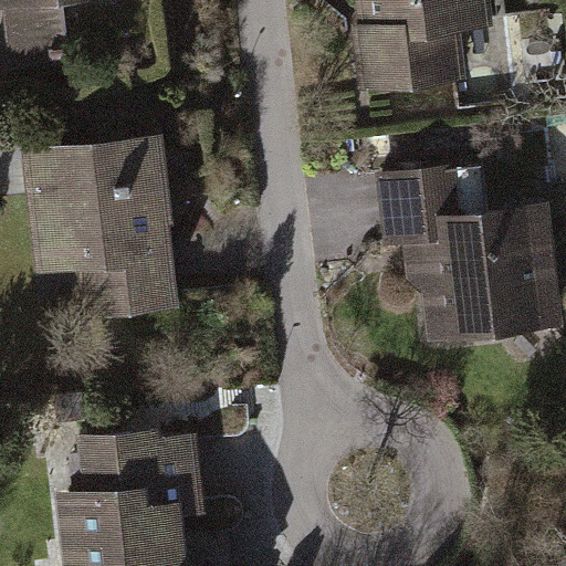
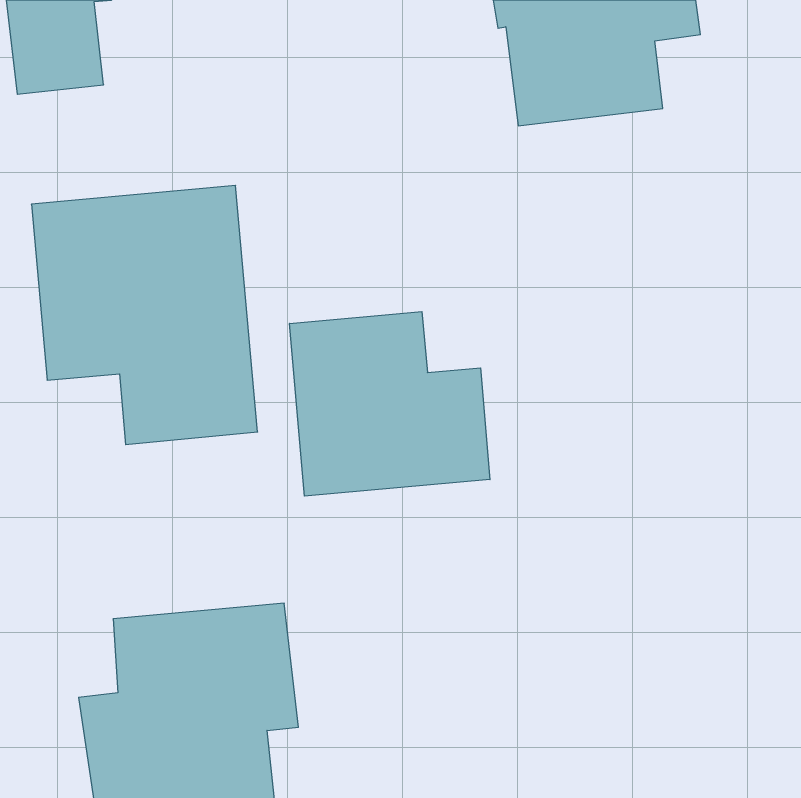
building: [376,165,558,343] -> none
building: none -> [290,312,490,496]

